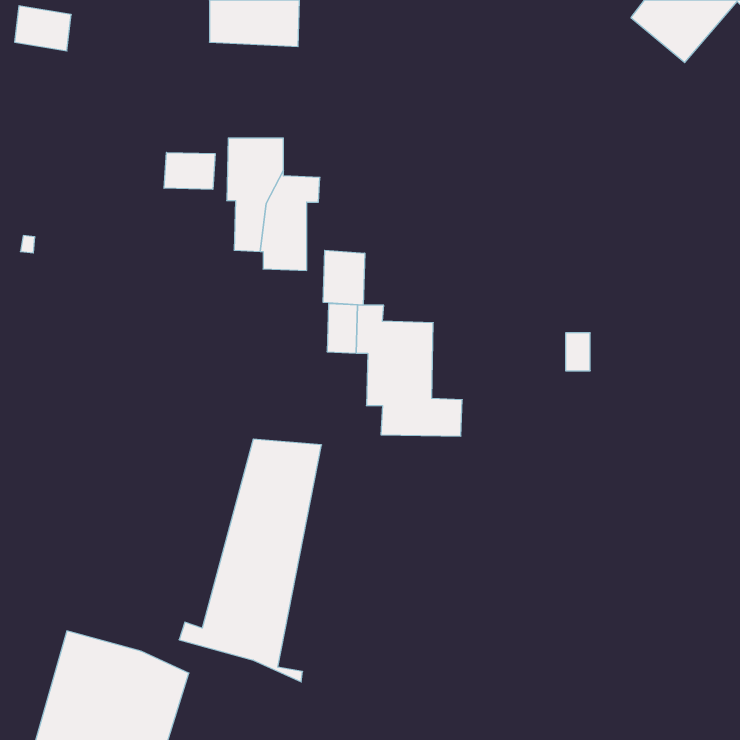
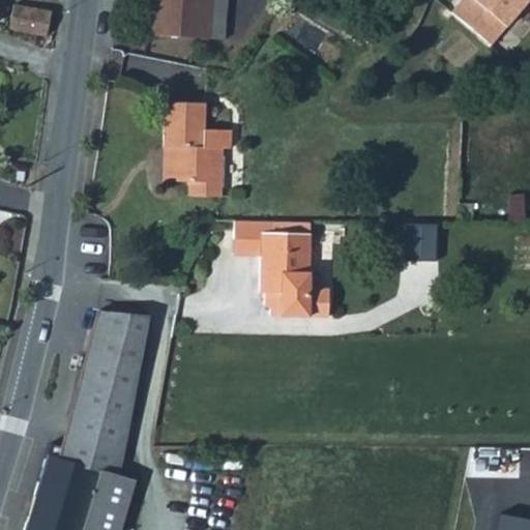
building: [164,152,215,189] -> none
building: [323,250,365,305] -> none
building: [179,439,322,682] -> [50,308,151,481]

